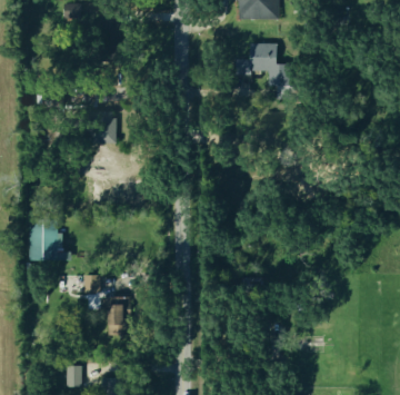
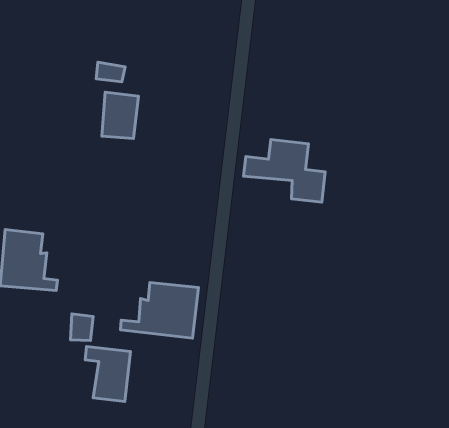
building: [233,43,292,85] -> [243,140,325,202]
building: none -> [121,283,198,338]

